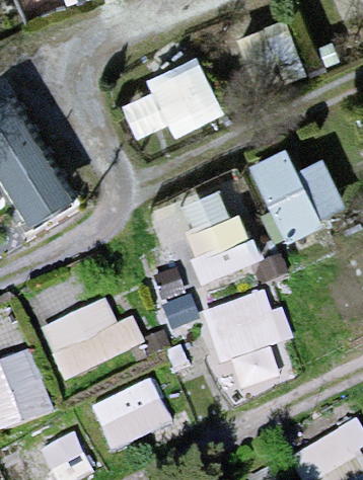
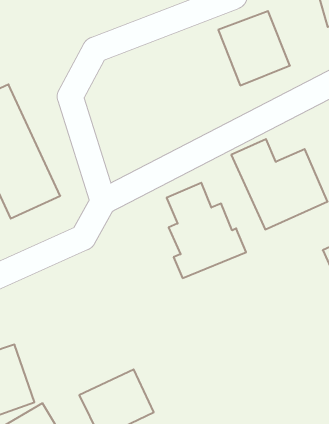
building: [146,53,225,134] -> none
building: [200,292,290,391] -> none
building: [40,301,143,380] -> none

